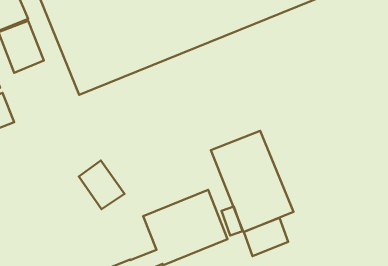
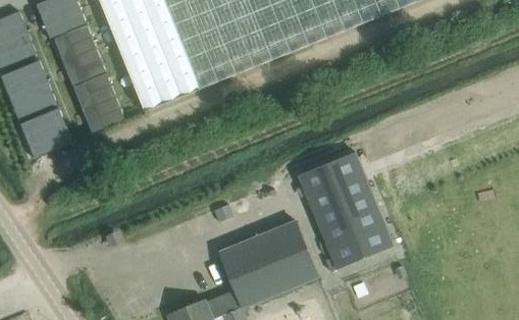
building: none -> [71,72,124,134]
building: [79,160,124,209] -> none
building: [244,218,288,256] -> none

